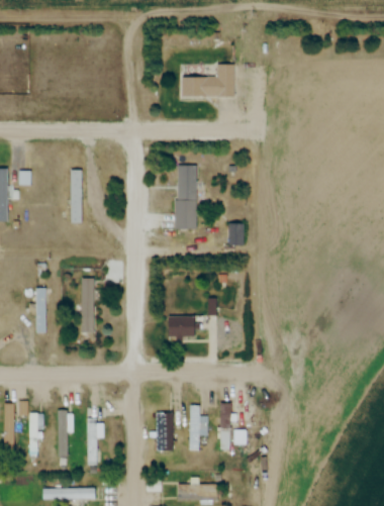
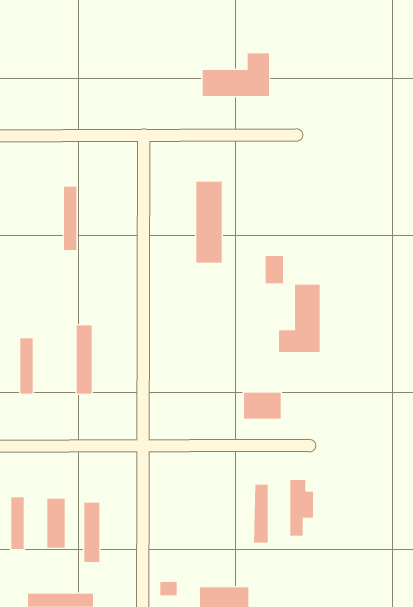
building: none -> [279,284,320,353]
building: [167,316,197,337] -> [243,392,282,419]
building: [189,405,208,449] -> [289,480,314,536]
building: [156,412,174,451] -> none

